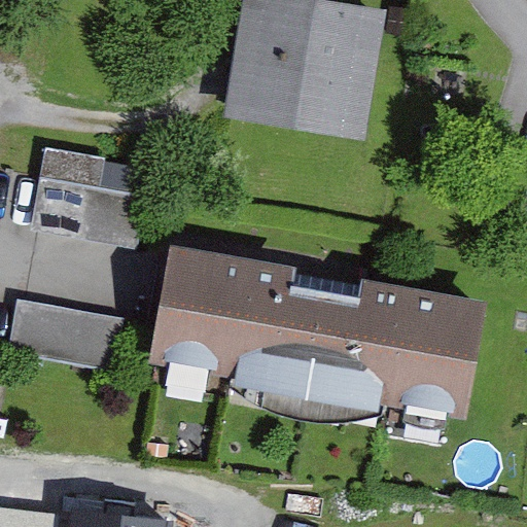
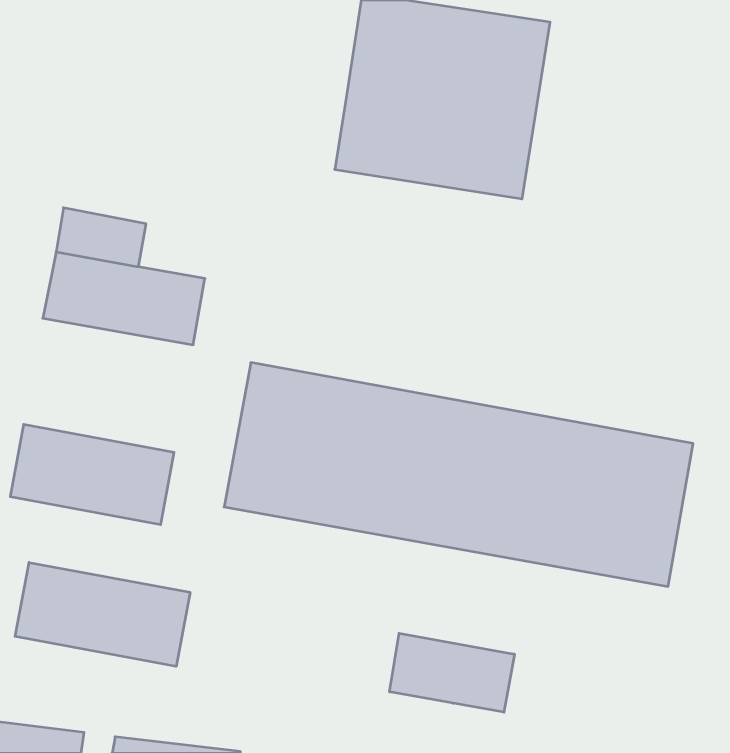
building: none -> [15,562,190,666]
building: none -> [390,633,514,712]

